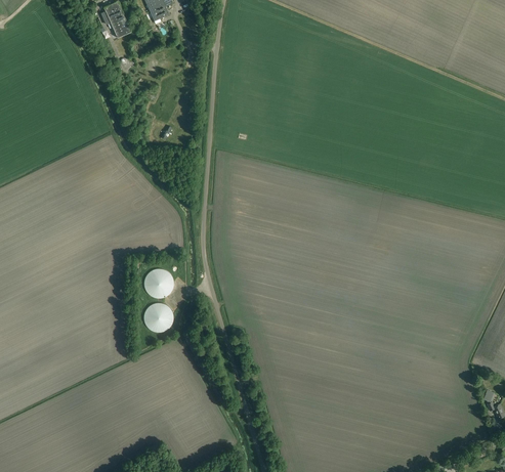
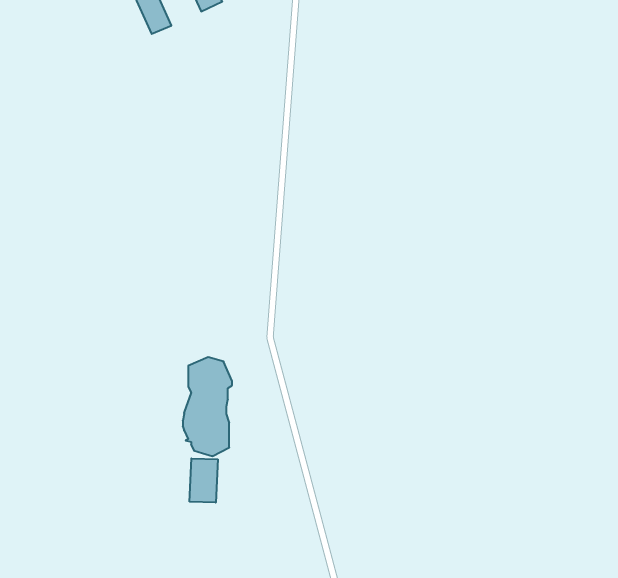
building: none -> [190,458,218,503]

